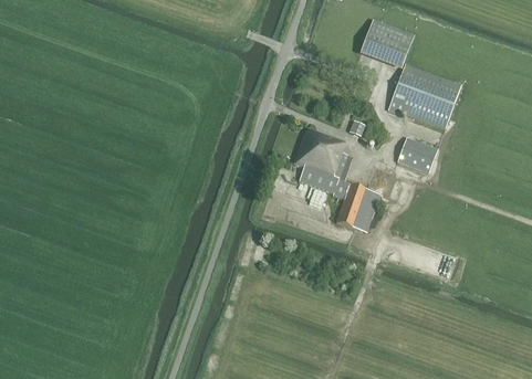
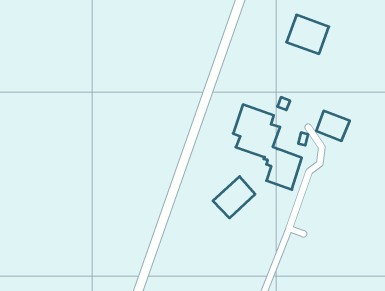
building: [387,64,460,129] -> none
building: none -> [213,176,255,218]

